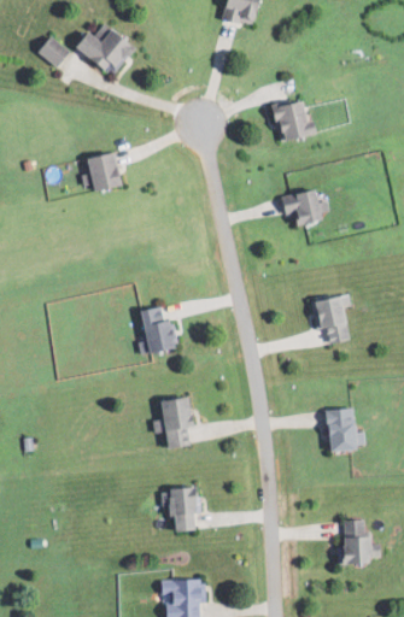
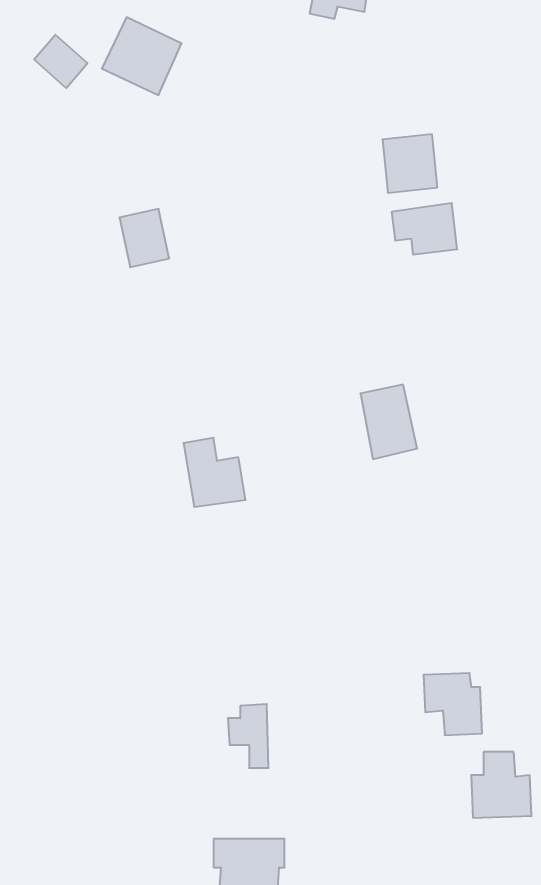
building: [277,189,322,224] -> [392,203,457,255]
building: [316,294,355,345] -> [360,385,417,459]
building: [165,398,193,447] -> none
building: [321,407,361,449] -> [423,673,482,735]

